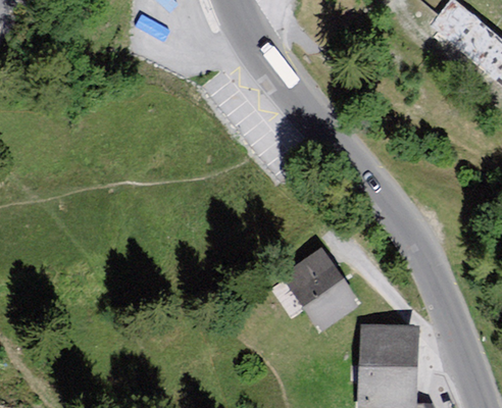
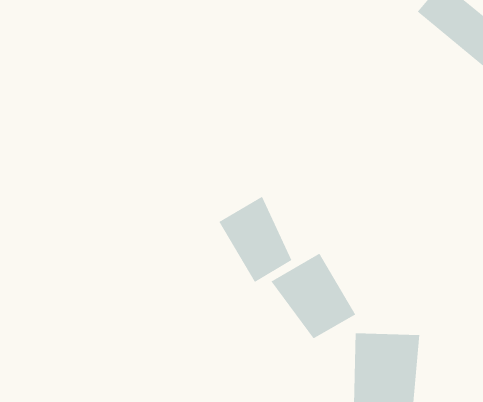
building: none -> [219,196,292,283]

